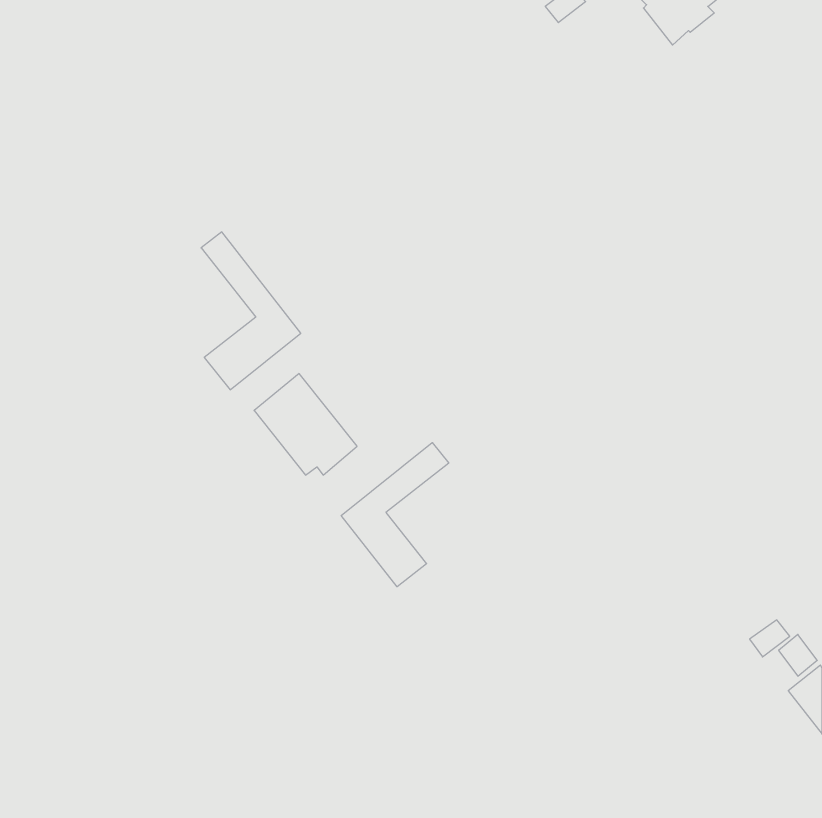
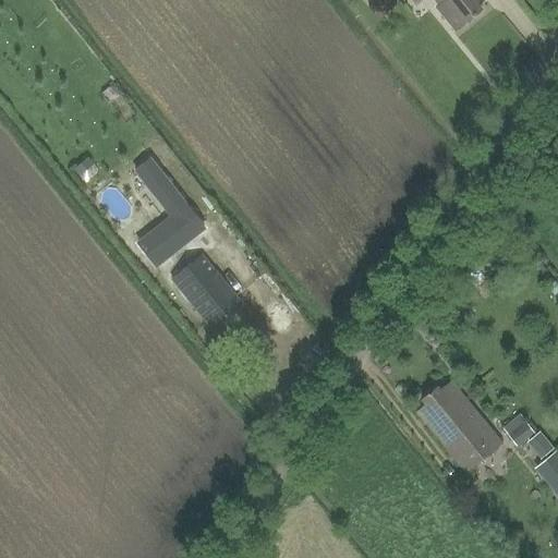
building: [341,443,449,587] -> none
building: none -> [417,379,502,471]

